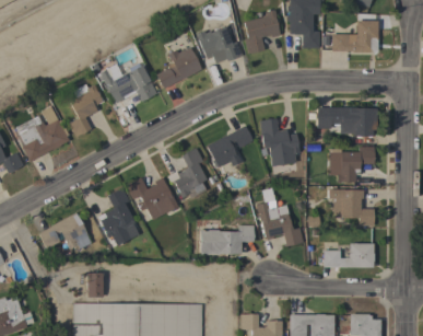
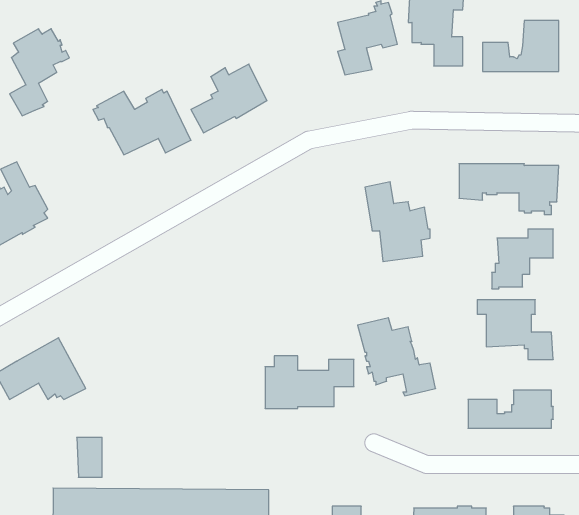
building: [197,26,244,63] -> none
building: [69,84,105,137] -> [10,29,69,116]
building: [208,126,254,167] -> none
building: [175,148,208,198] -> none
building: [127,177,179,220] -> none
building: [101,188,134,246] -> none

